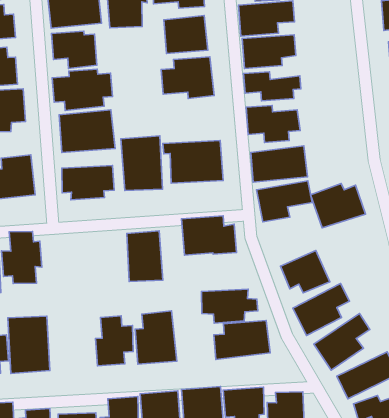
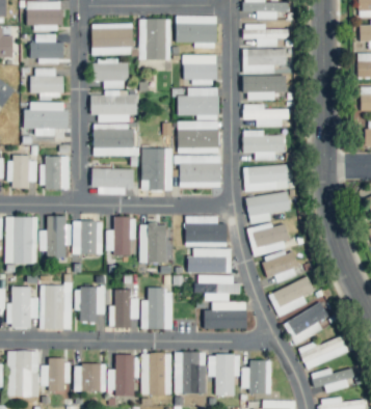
building: none -> [178,121,219,153]
building: [311,184,366,228] -> [246,222,289,256]
building: none -> [106,217,136,253]
building: none -> [73,221,102,254]
building: none -> [187,248,231,273]
building: none -> [75,288,105,322]

